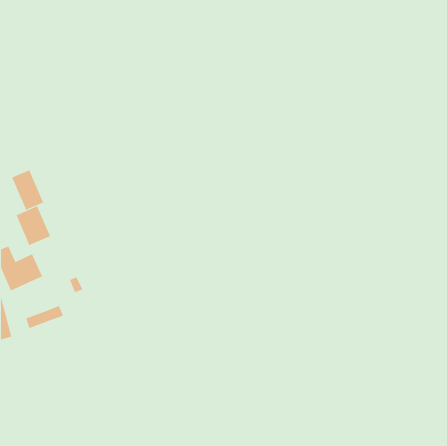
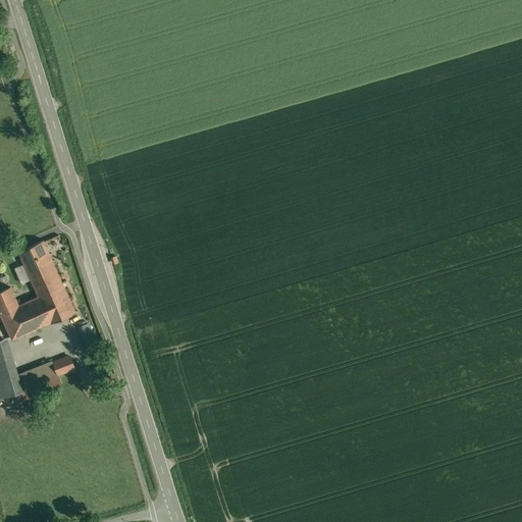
building: [11,170,44,210] -> none
building: none -> [34,276,75,324]

